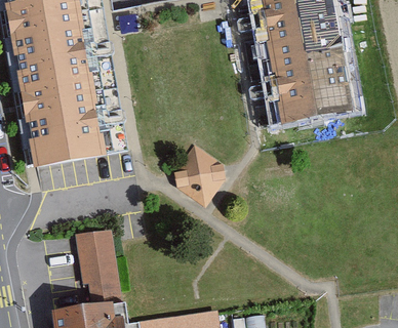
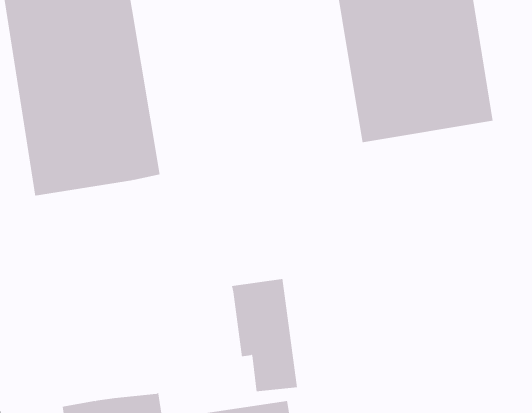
building: [173,148,222,205] -> none
building: [73,228,120,308] -> [231,279,298,392]

